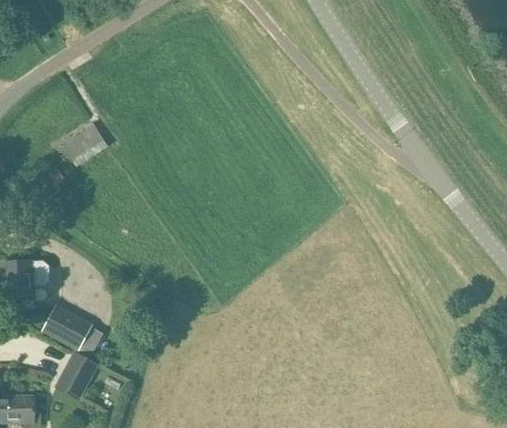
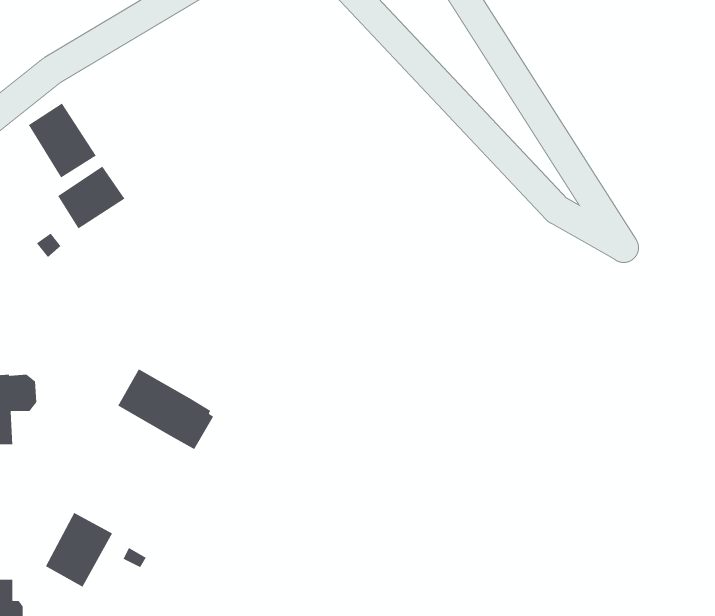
building: none -> [28,102,97,178]
building: [41,305,105,359] -> [117,368,214,450]

